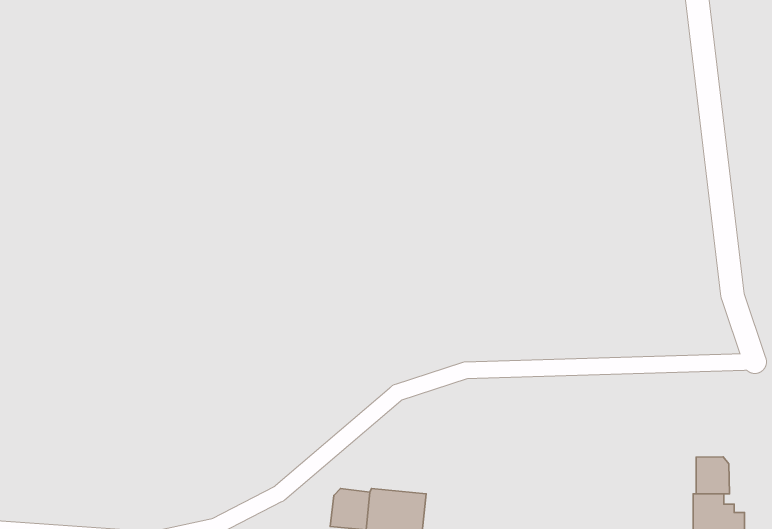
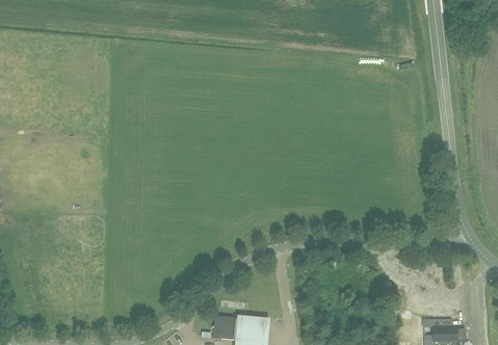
building: [696,457,729,494] -> none

